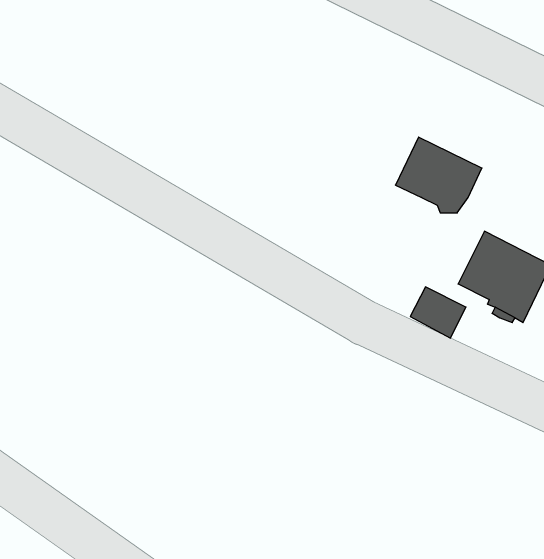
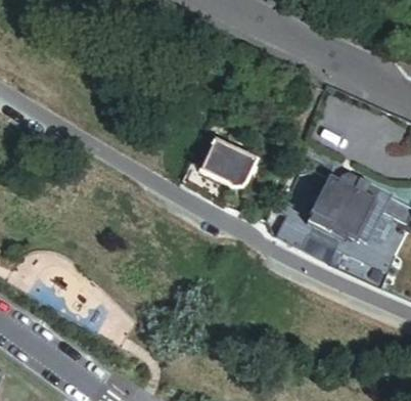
building: [395,137,482,213] -> [202,140,260,190]

